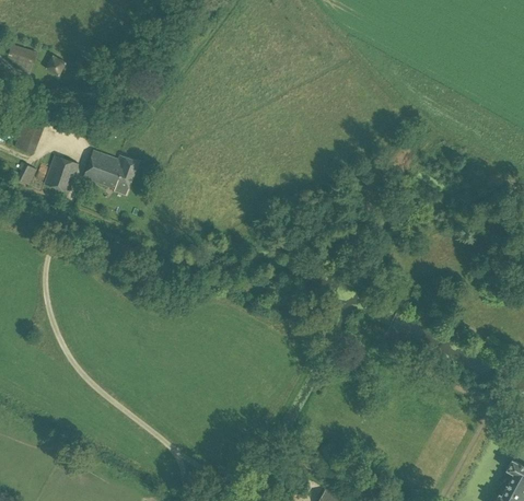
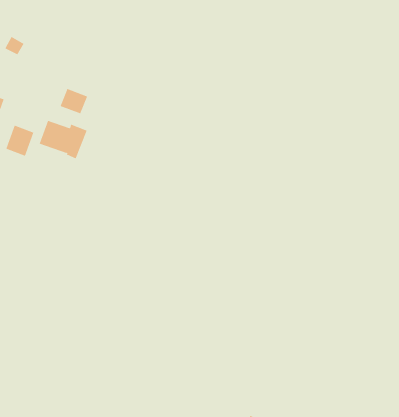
building: none -> [60,88,88,114]

